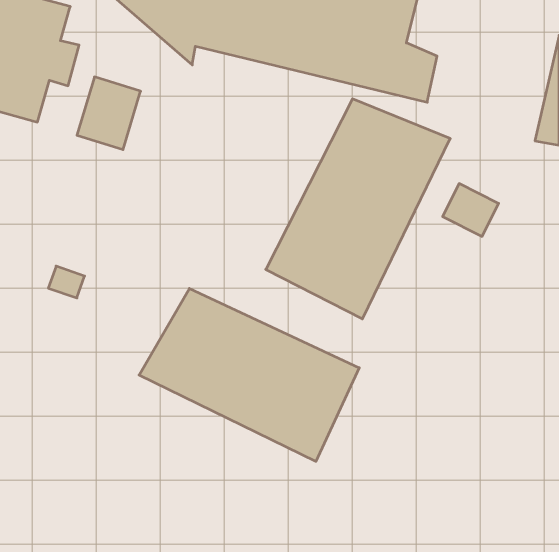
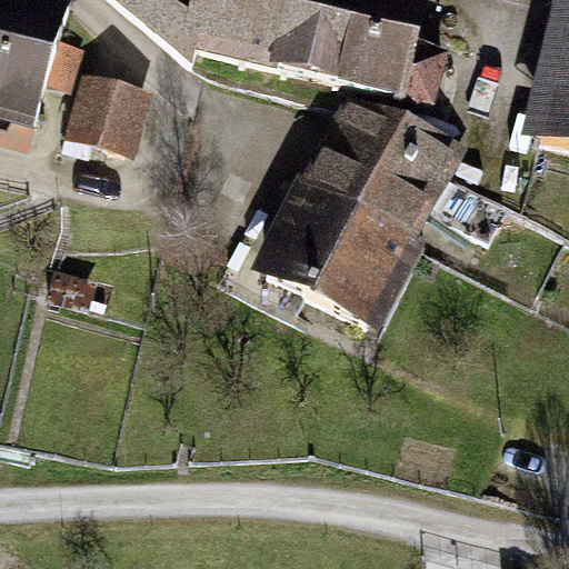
building: [139,288,359,461] -> none

